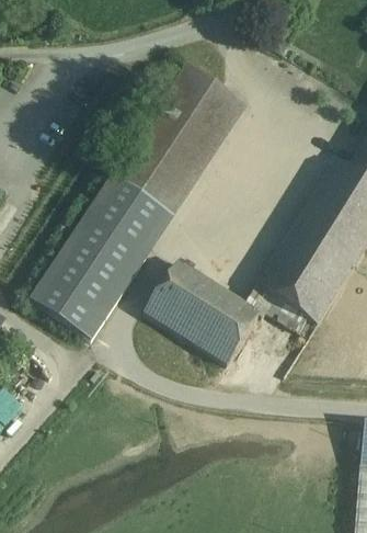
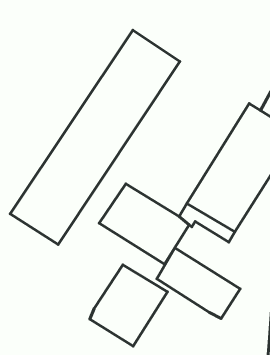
building: none -> [157,248,240,319]
building: none -> [90,265,168,346]

